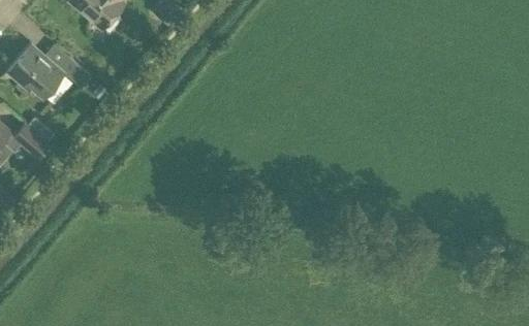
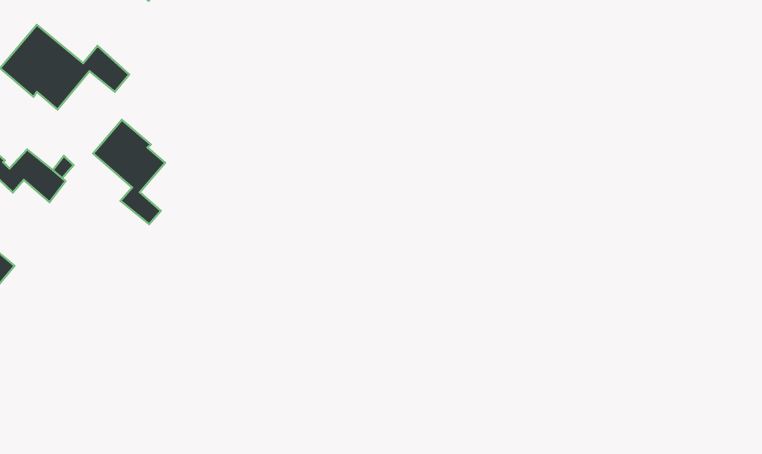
building: none -> [93,120,165,224]

